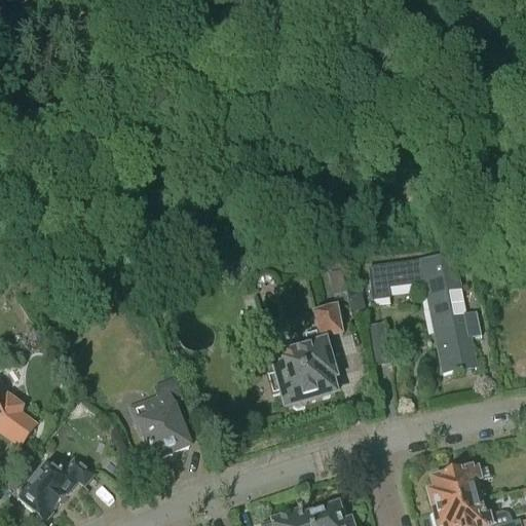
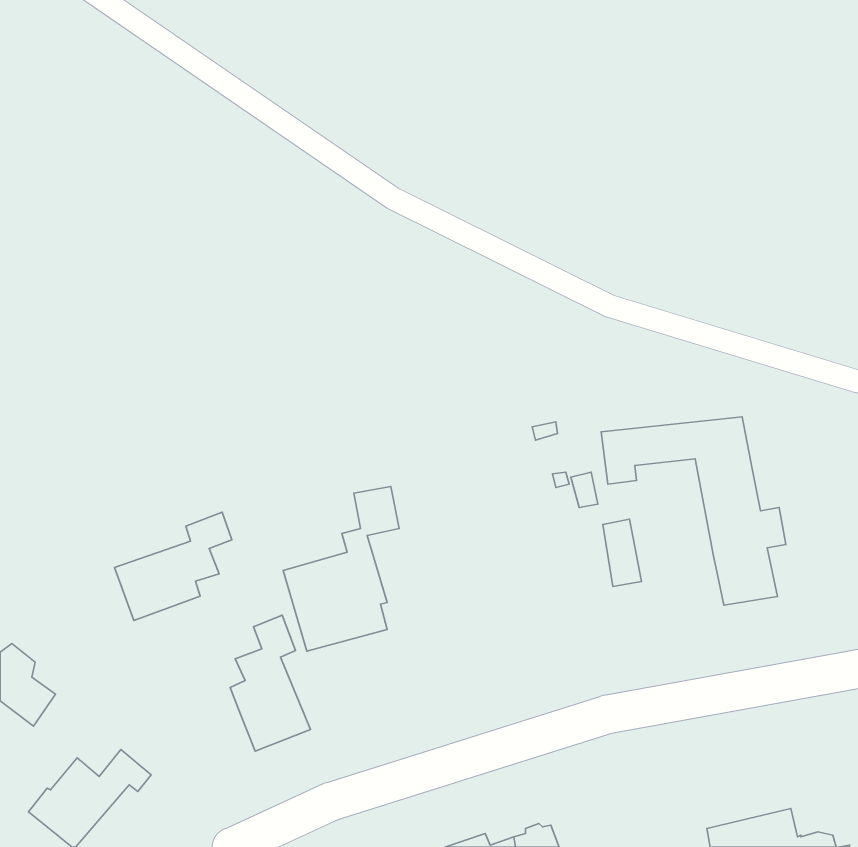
building: [271,305,342,406] -> [283,487,399,651]
building: none -> [115,512,232,620]
building: [428,464,490,506] -> none

